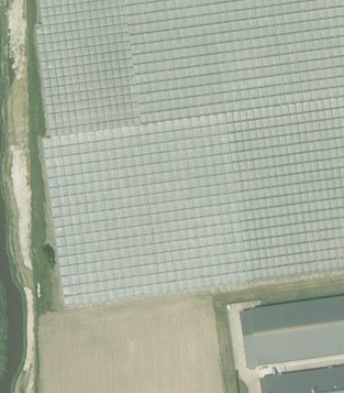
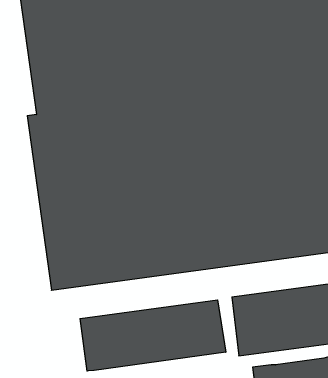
building: none -> [80,300,226,371]

